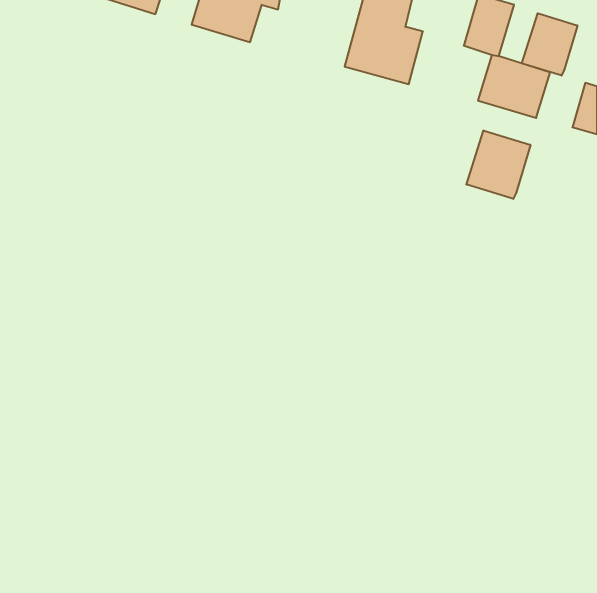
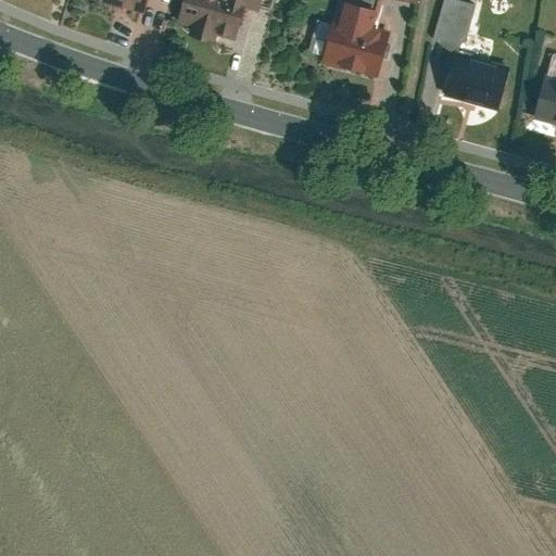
building: [522,13,577,76] -> none
building: [466,130,530,199] -> none

